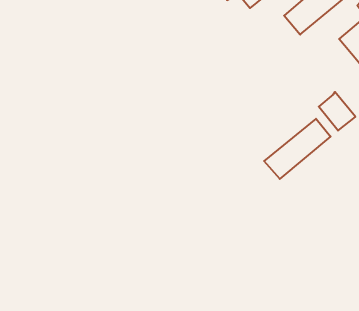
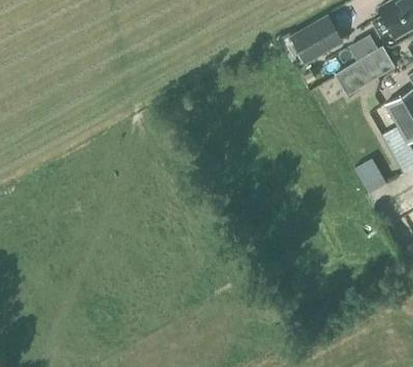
building: [264,119,331,179] -> none

